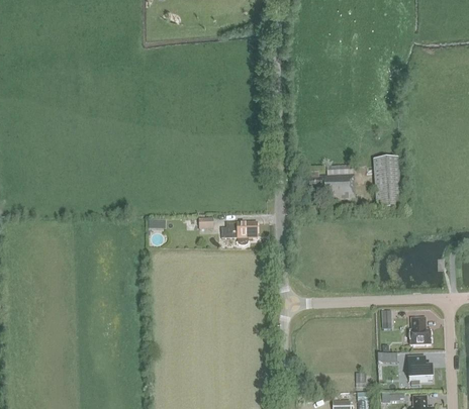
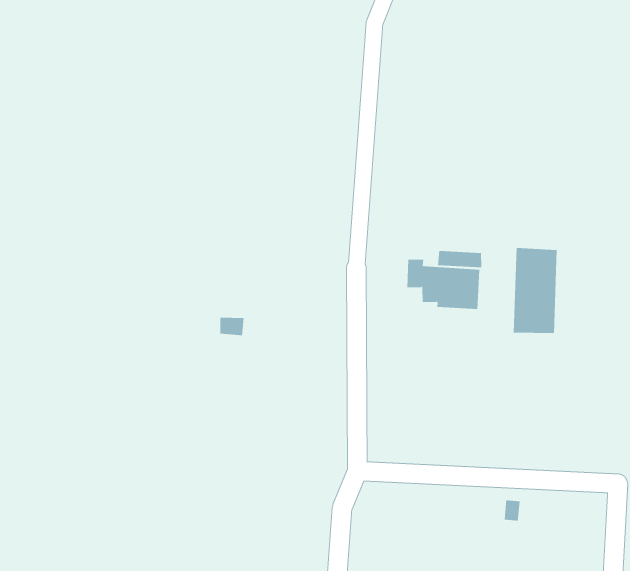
building: [220,221,256,244] -> none
building: [408,317,430,344] -> none

